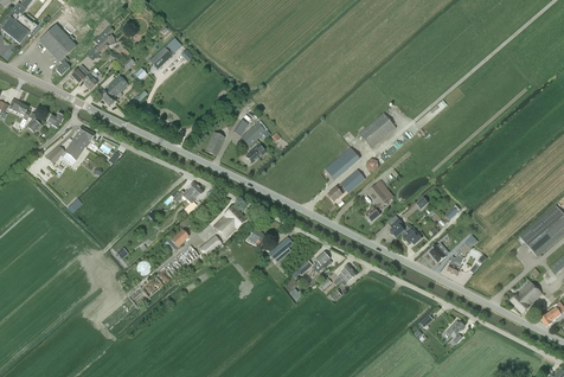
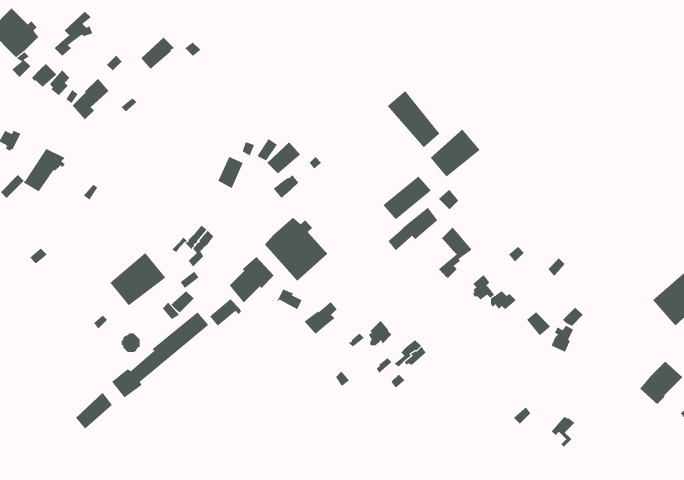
building: none -> [387,90,440,148]
building: none -> [264,217,328,281]
building: none -> [109,252,166,306]

